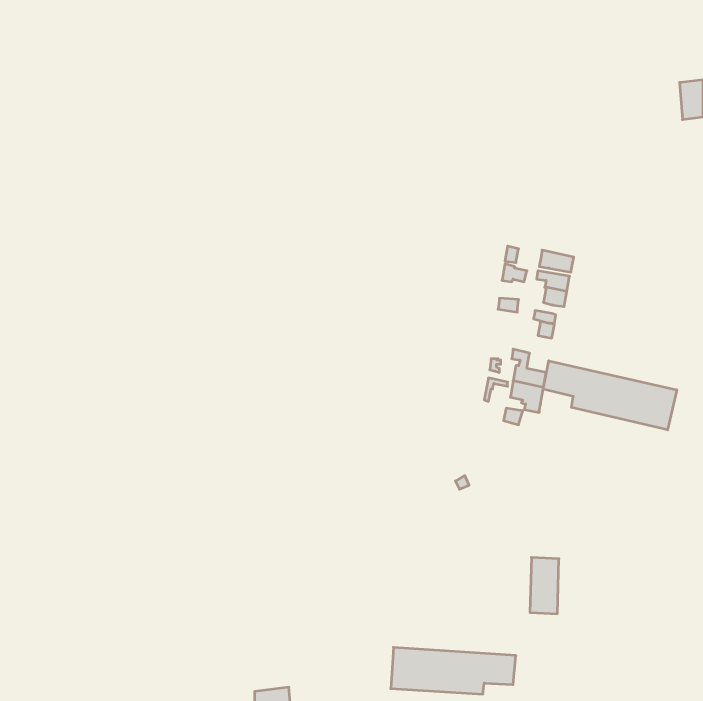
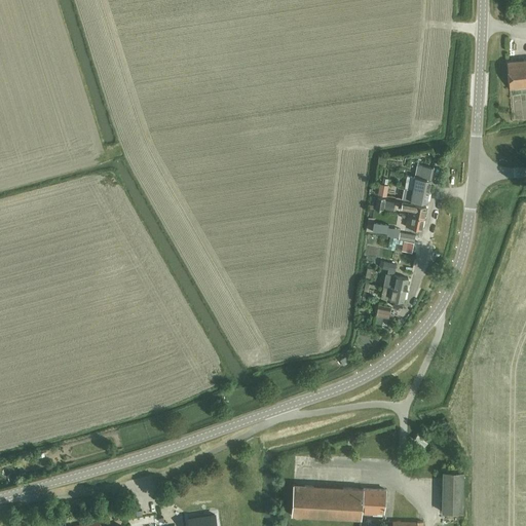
building: none -> [405,166,433,193]
building: [543,361,677,430] -> none
building: [530,557,559,614] -> [442,472,463,514]

